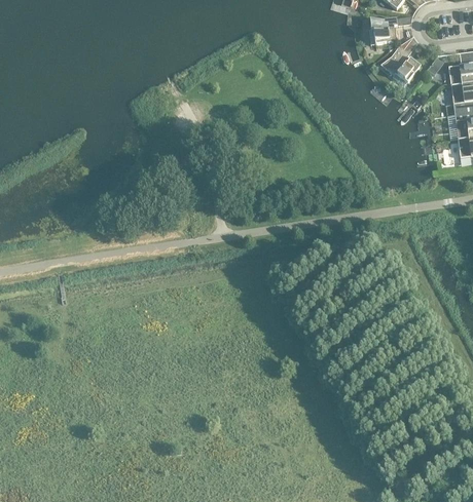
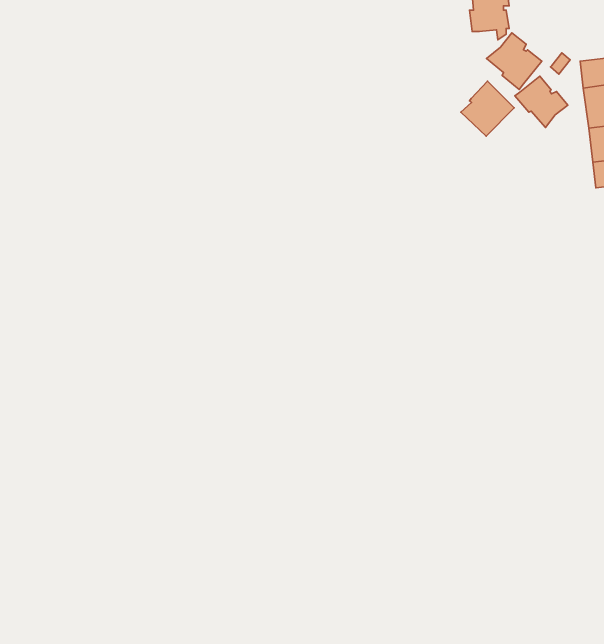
building: none -> [515,76,568,128]
building: none -> [461,81,514,136]

